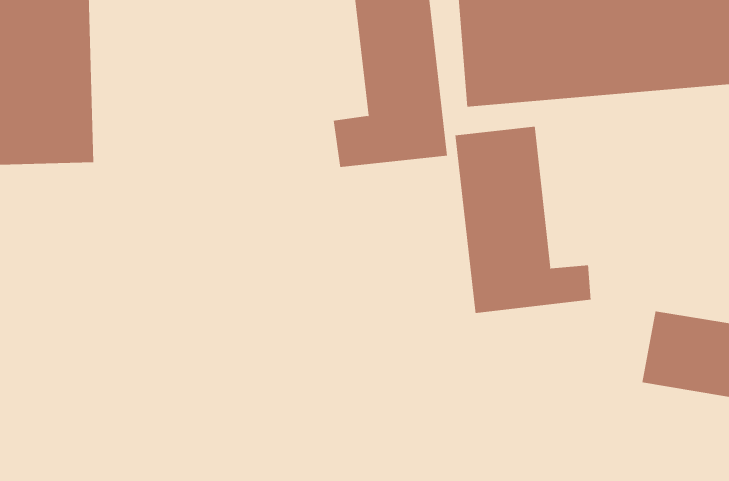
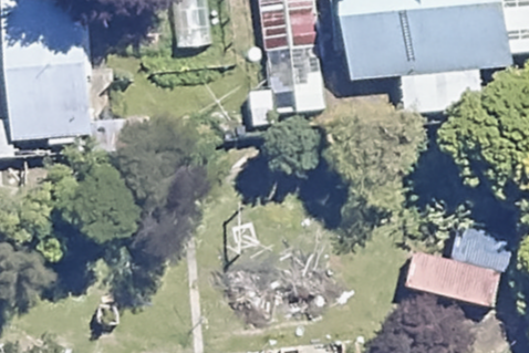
building: [455,126,591,314] -> none

